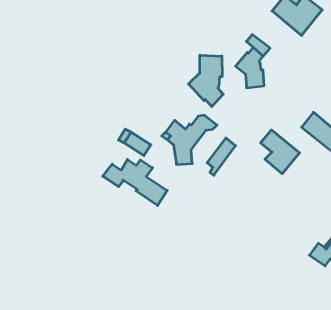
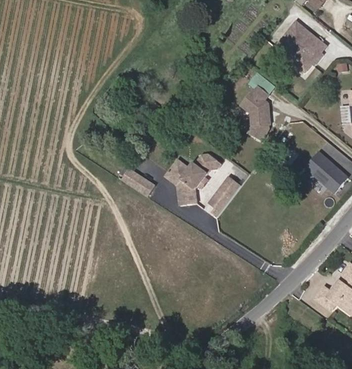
building: [188,55,223,107] -> none
building: [261,130,300,174] -> none
building: [103,159,167,206] -> none

